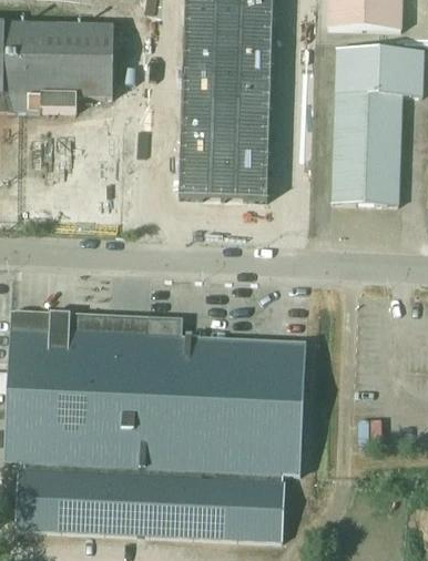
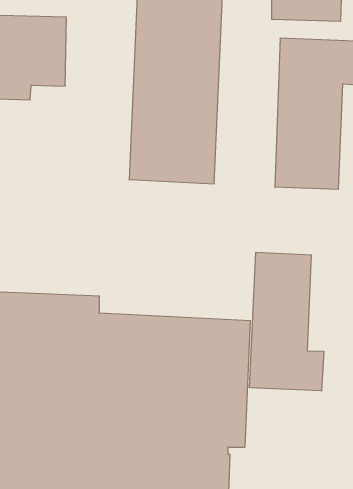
building: none -> [250,252,324,391]

